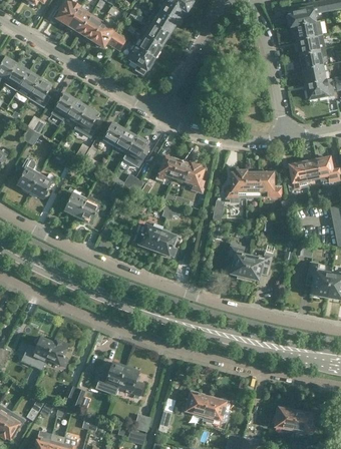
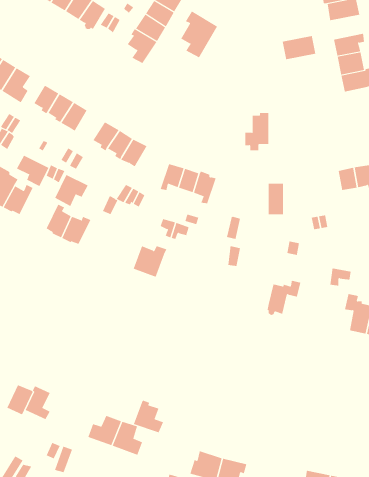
building: none -> [181,10,218,58]
building: [296,35,324,55] -> [282,35,316,60]
building: none -> [16,155,49,187]
building: [288,162,307,189] -> none
building: none -> [54,174,88,207]
building: [226,170,246,201] -> [245,113,269,151]
building: [259,172,280,198] -> none
building: [154,231,177,257] -> none
building: [228,244,250,279] -> none
building: none -> [133,400,164,433]

